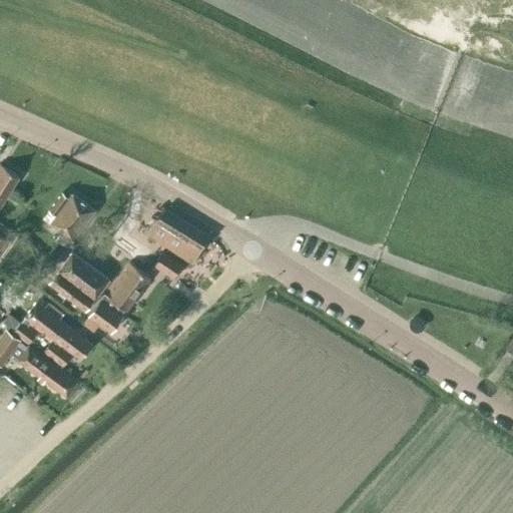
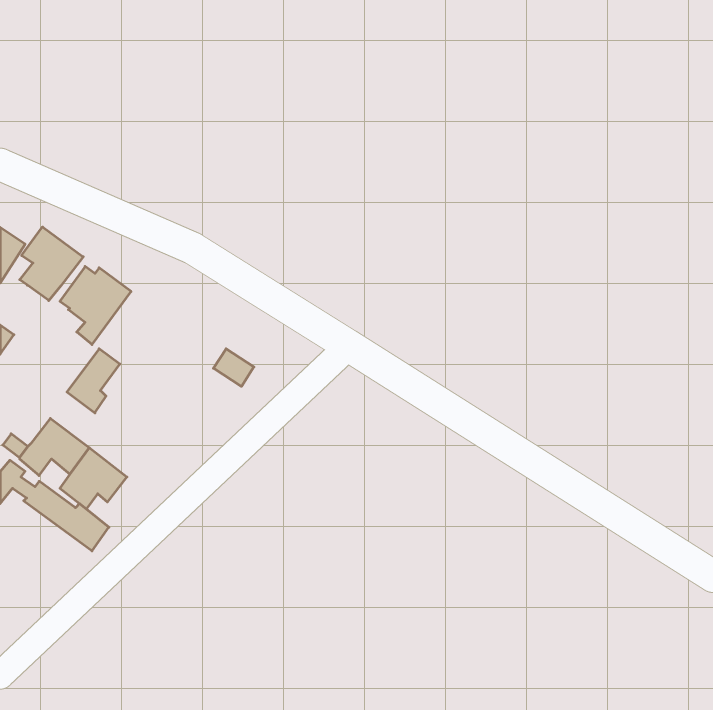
building: none -> [20,227,83,301]
building: [146,210,207,261] -> none
building: [68,264,108,311] -> none
building: [88,264,150,333] -> none

